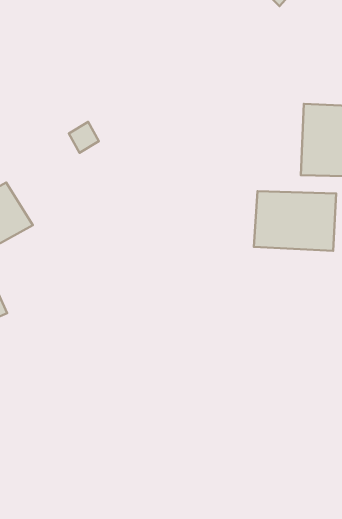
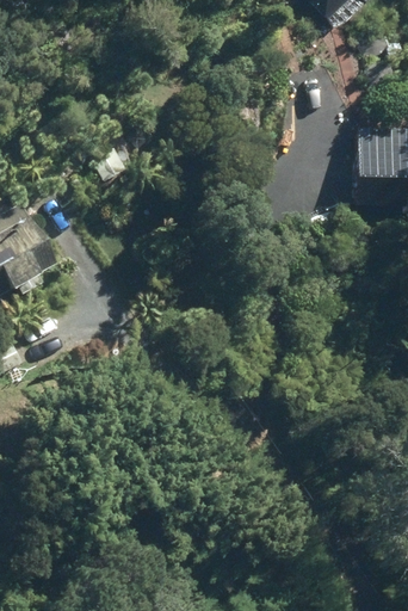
building: [254,191,336,251] -> none

